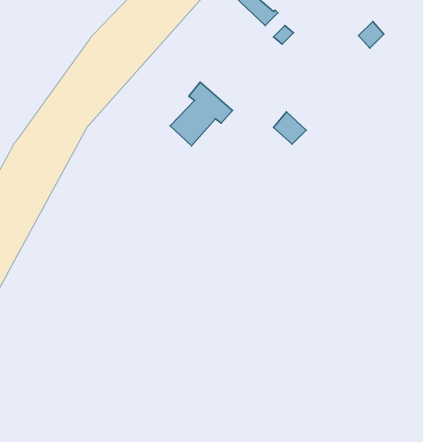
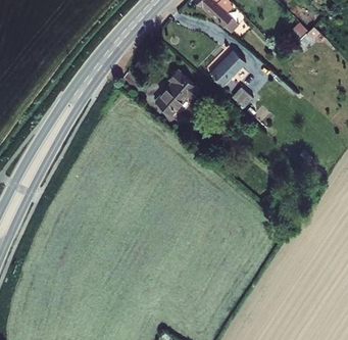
building: none -> [210,45,244,81]

